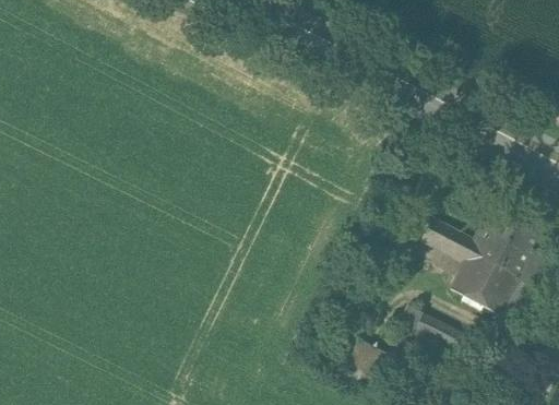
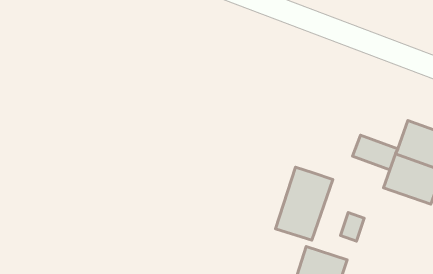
building: none -> [276,167,333,240]
building: [418,317,471,361] -> none

